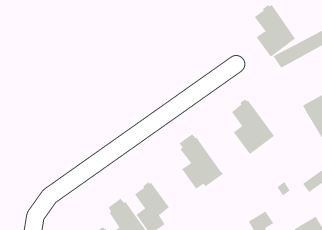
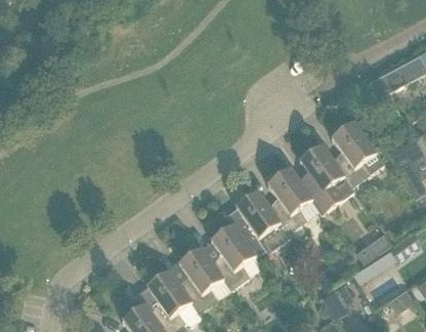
building: [246,4,296,58] -> [322,121,384,188]
building: none -> [257,166,323,235]
building: none -> [201,223,256,290]

